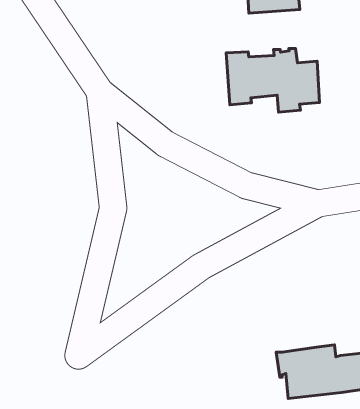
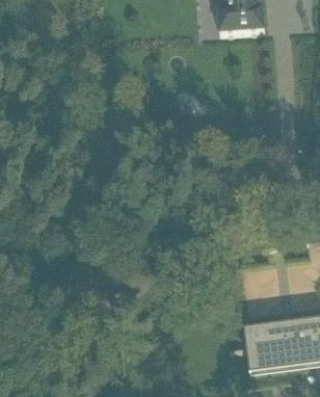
building: [226,48,319,112] -> none

